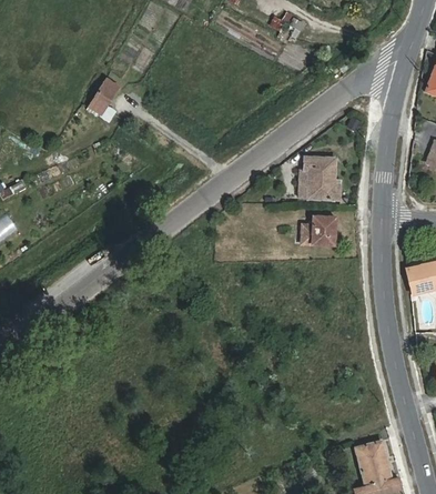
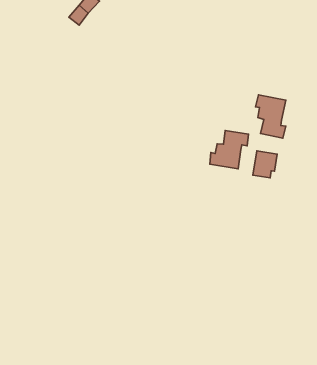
building: none -> [210,131,248,169]

